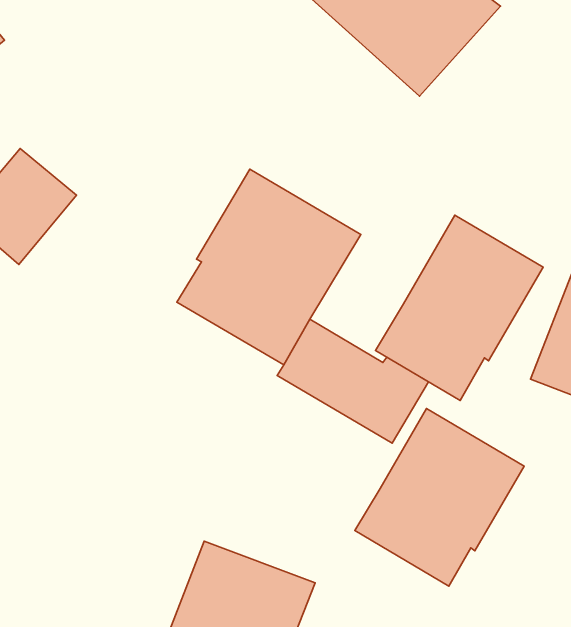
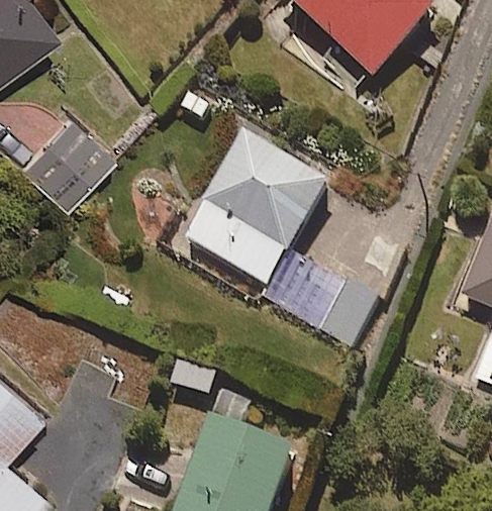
building: [375,215,543,401] -> none
building: [355,409,524,586] -> none

